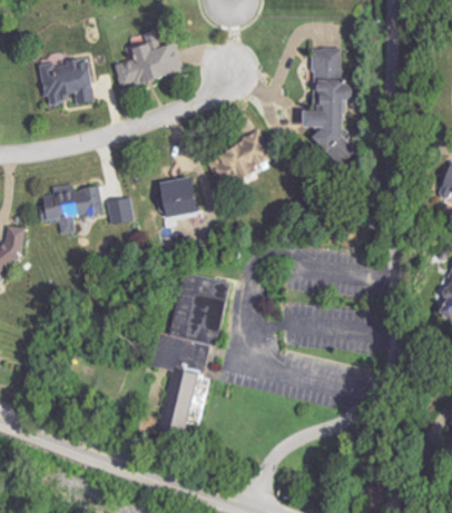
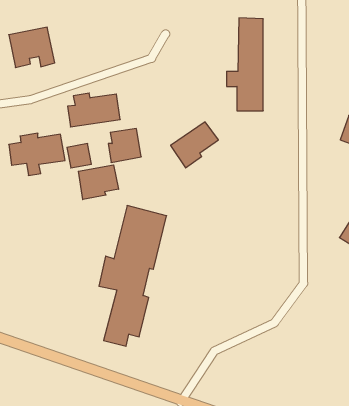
building: [121,43,184,83] -> [68,93,120,127]
building: [218,128,275,182] -> [171,122,218,168]
building: none -> [78,165,119,200]

